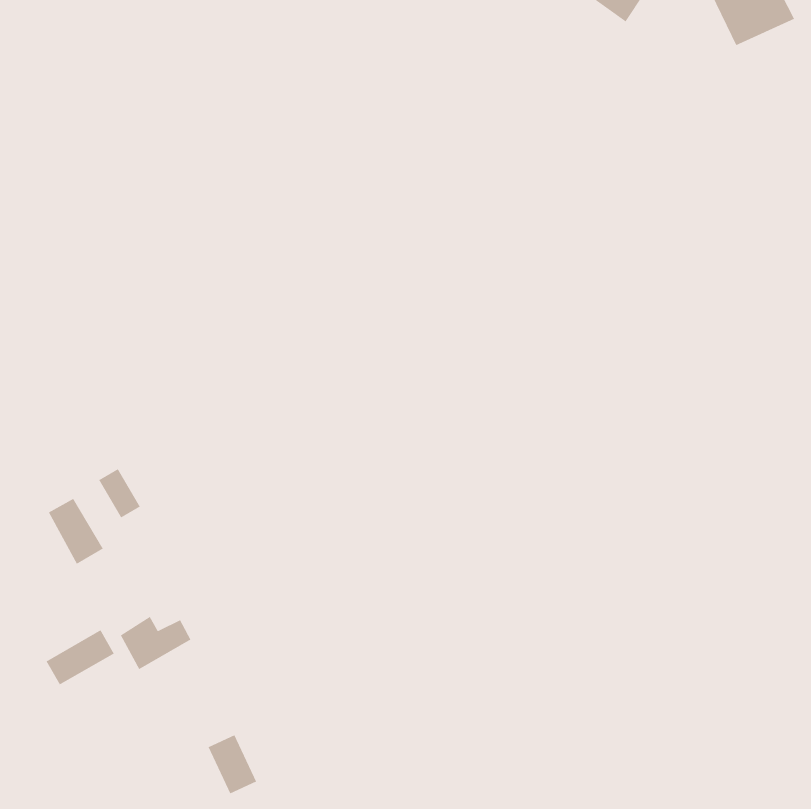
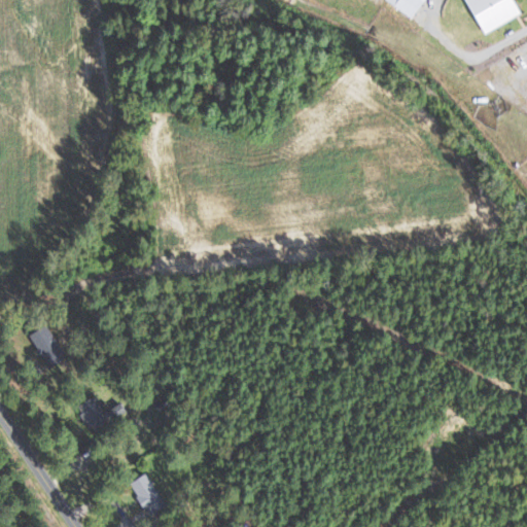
building: [98,468,141,519] -> none
building: [45,629,115,686] -> none

